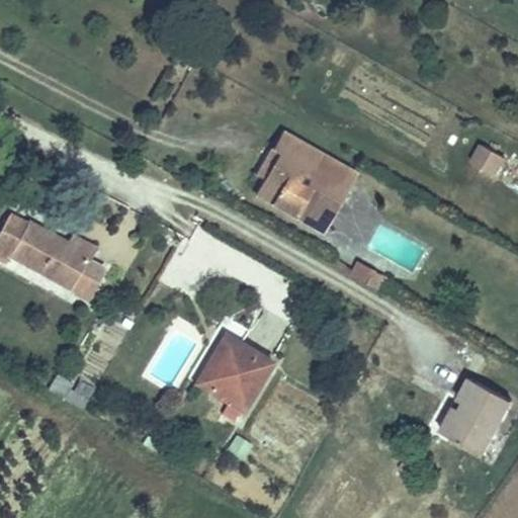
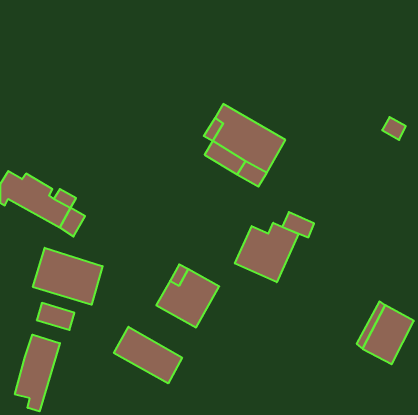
building: none -> [235,223,298,282]
building: none -> [33,248,103,305]
building: none -> [114,327,182,383]
building: none -> [15,335,60,411]

